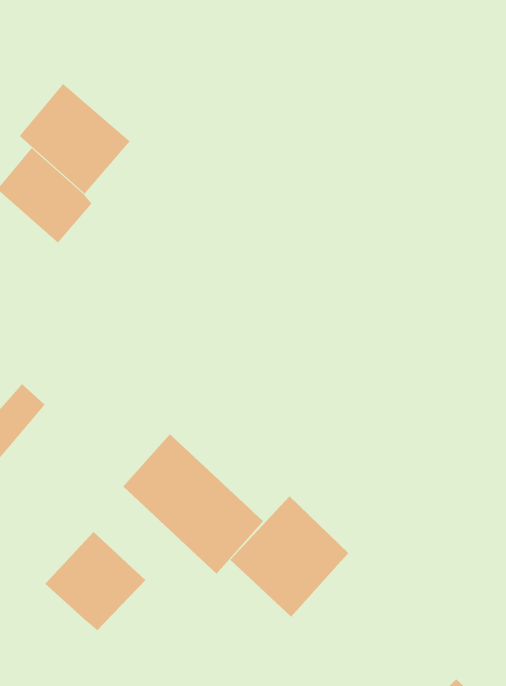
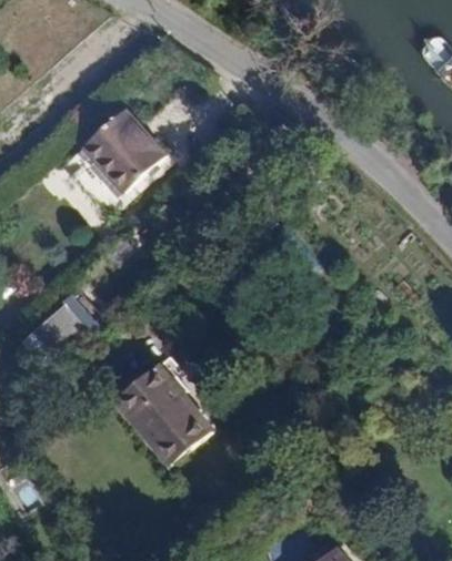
building: [230,496,349,617] -> none
building: [44,531,146,631] -> none

